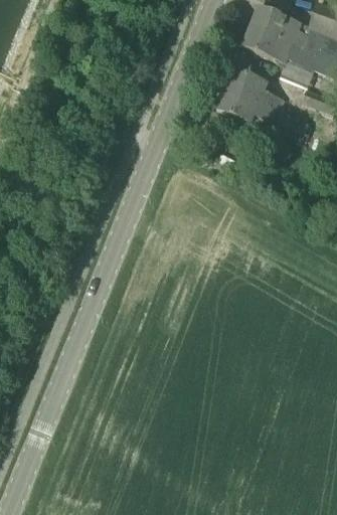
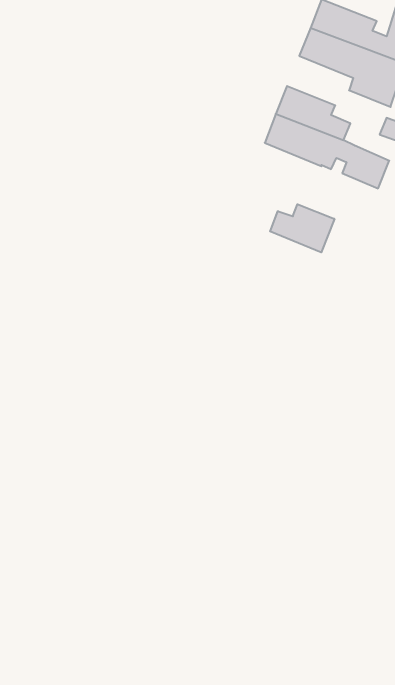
building: none -> [270,204,334,252]

